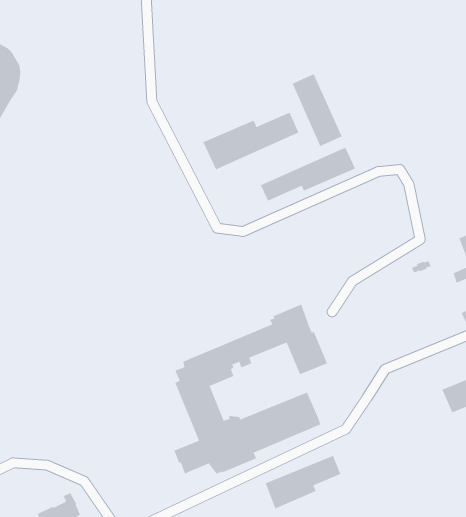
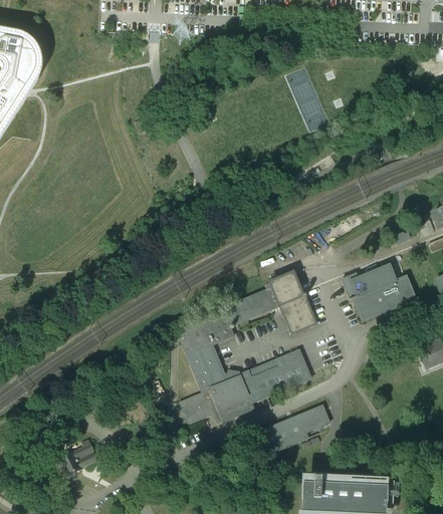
building: [203,112,299,170] -> none
building: [260,147,356,201] -> none
building: none -> [343,265,415,322]

